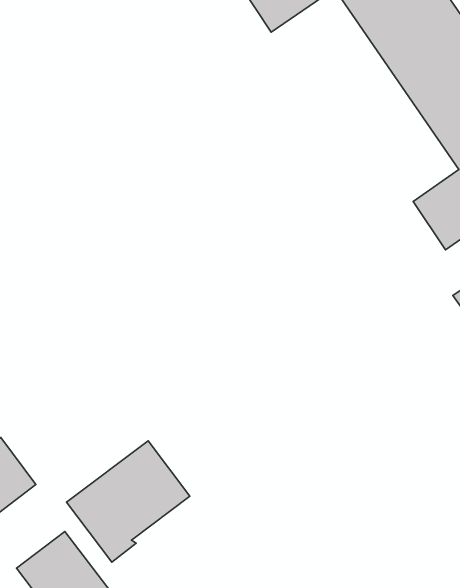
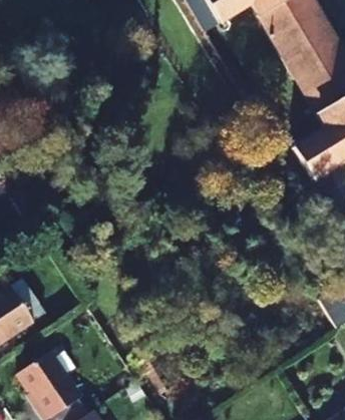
building: [66,441,190,562] -> none

